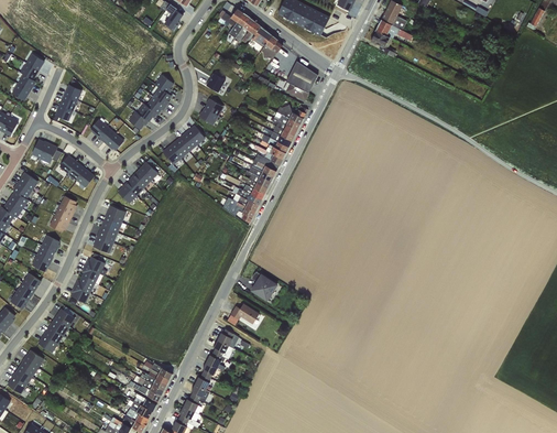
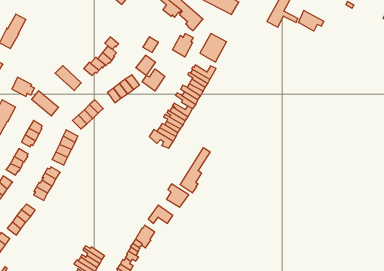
building: none -> [298,10,324,31]
building: none -> [173,34,193,57]
building: [55,83,81,120] -> none
building: none -> [142,69,165,91]
building: none -> [180,148,210,193]

